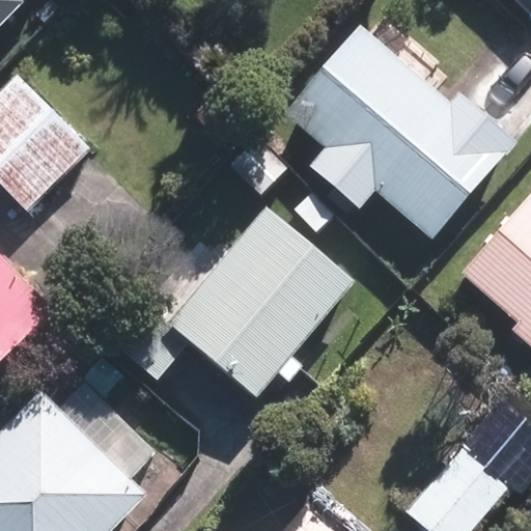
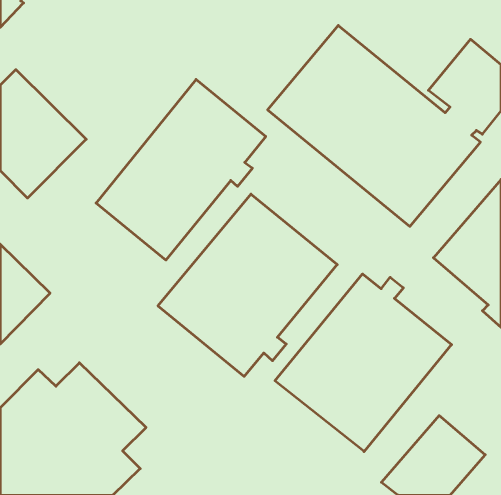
building: none -> [96,79,266,260]
building: none -> [275,274,452,452]

